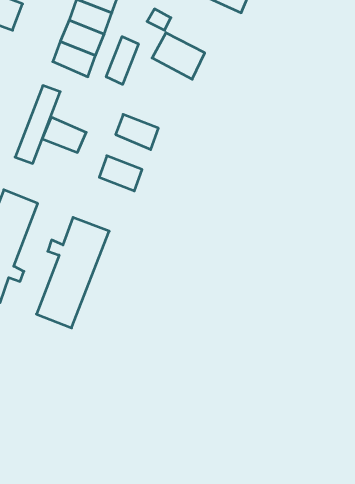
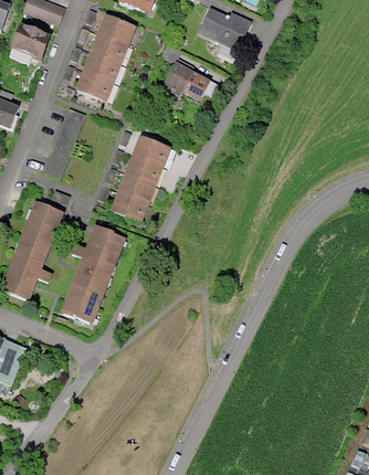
building: [106,37,138,84] -> none
building: [42,117,86,152] -> [125,152,164,183]
building: none -> [110,190,149,221]

